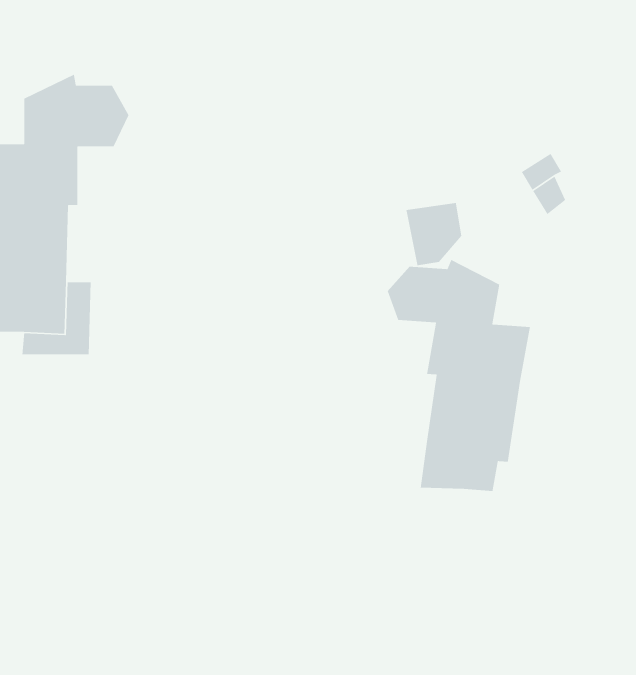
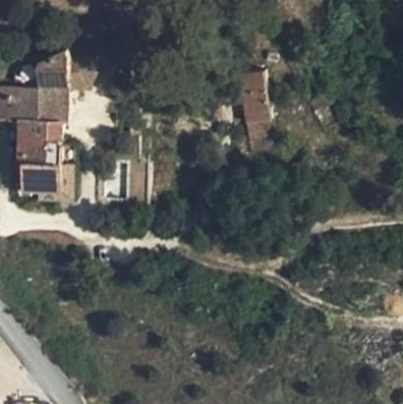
building: none -> [237,69,271,121]
building: [387,259,531,492] -> none

